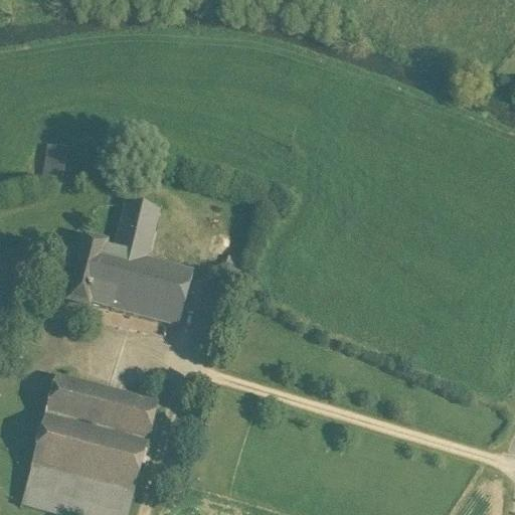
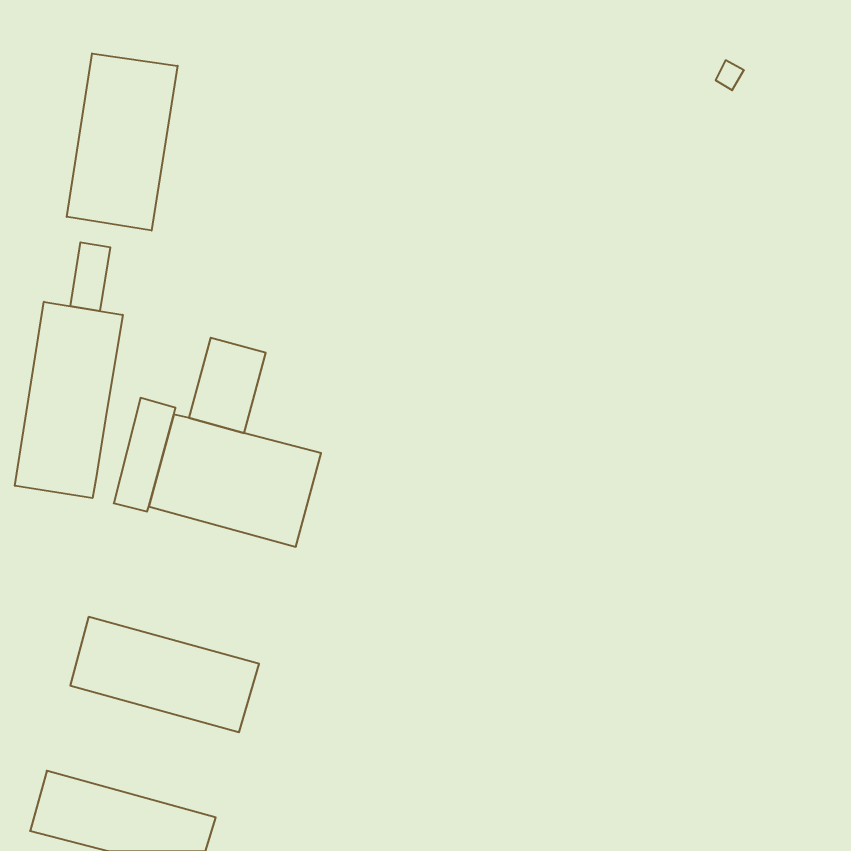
building: none -> [67,53,178,231]
building: none -> [15,302,123,498]
building: [30,412,146,492] -> none

